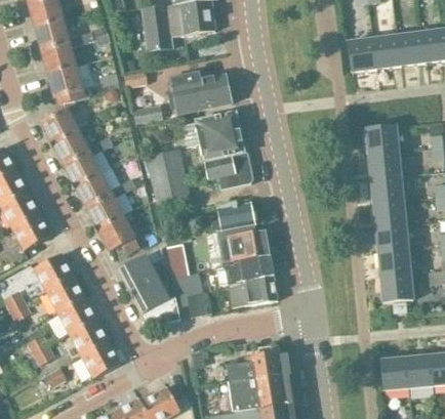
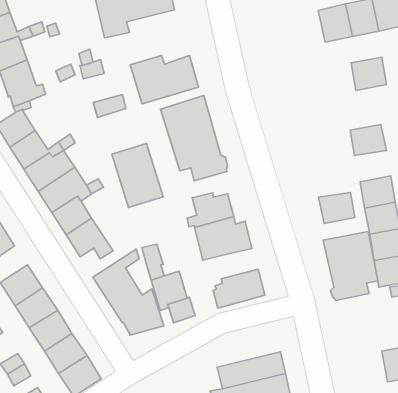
building: [366,125,397,154] -> [351,57,386,90]
building: [370,175,402,202] -> [319,192,355,223]
building: none -> [323,231,378,301]
building: [225,255,273,287] -> none

